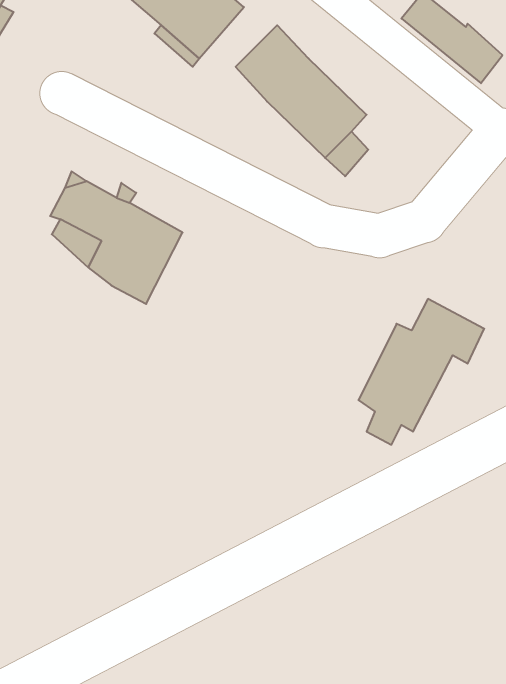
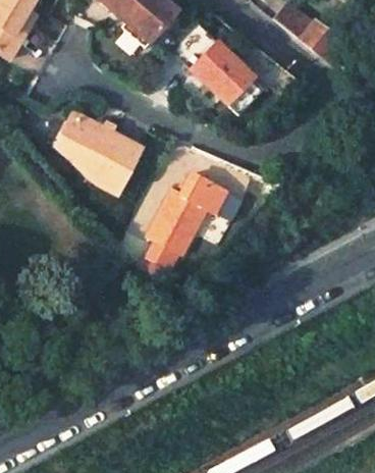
building: [358,299,484,445] -> [149,172,226,262]

